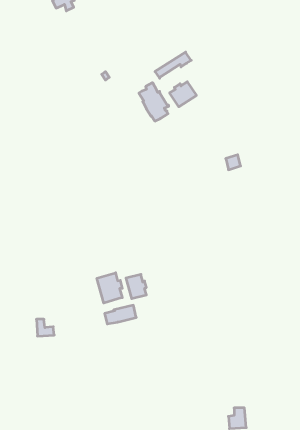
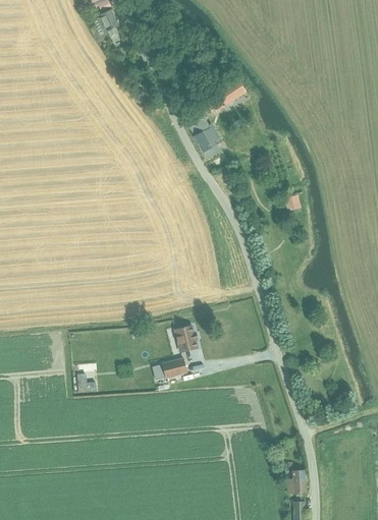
building: [170,82,196,107] -> none
building: [97,273,122,303] -> none

